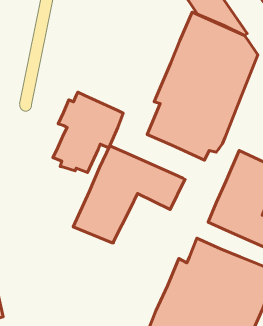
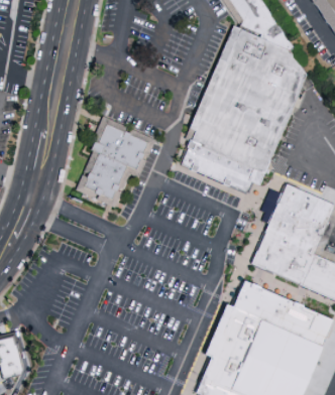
building: [73,146,185,243] -> none

